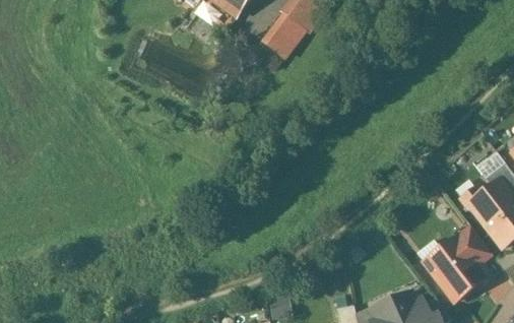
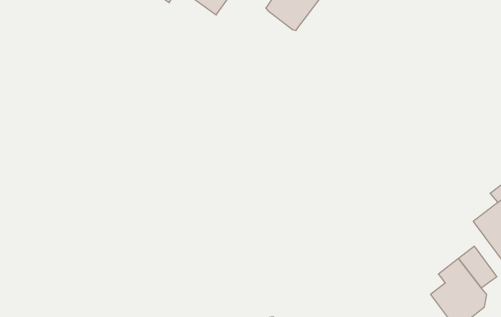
building: [262,14,306,59] -> none

